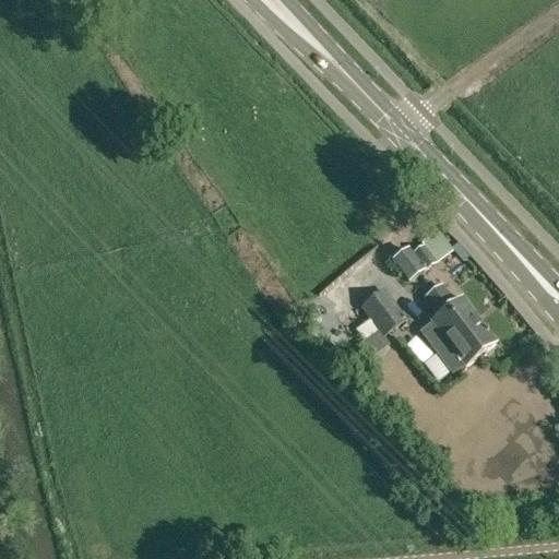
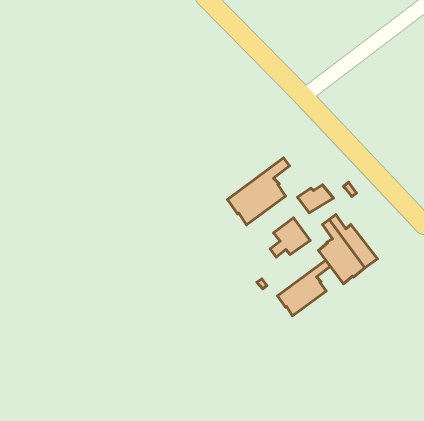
building: none -> [228,158,289,225]
building: none -> [278,260,330,316]

